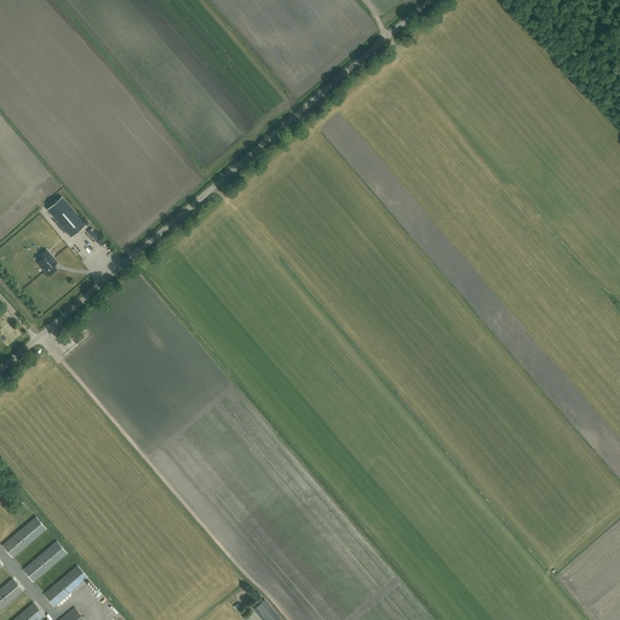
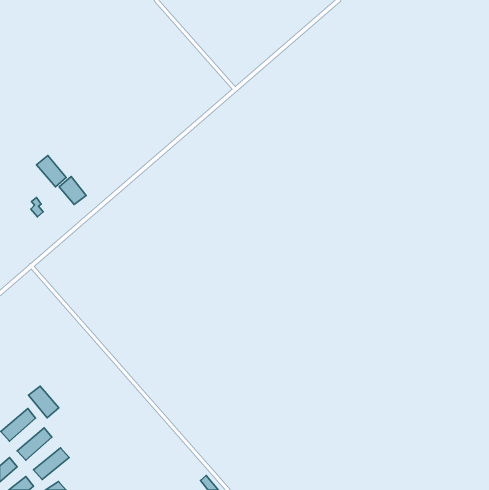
building: none -> [59,177,86,205]
building: none -> [29,386,59,418]

